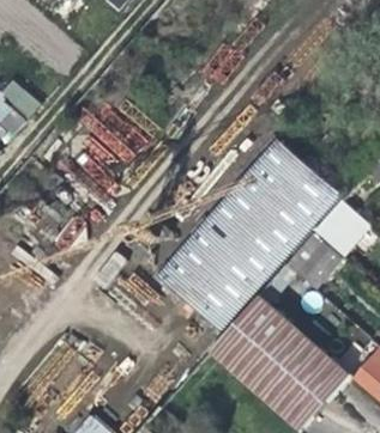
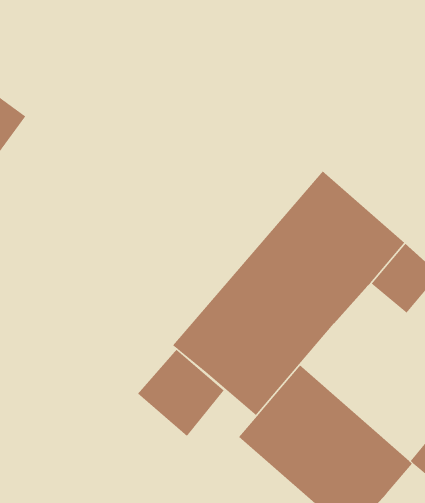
building: [286,233,342,288] -> none
building: none -> [137,349,224,437]

